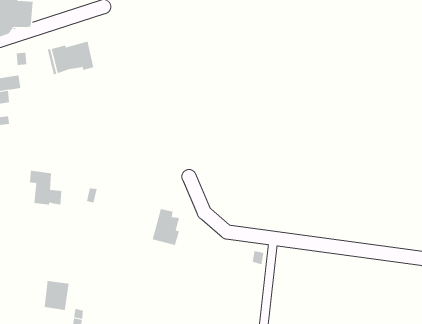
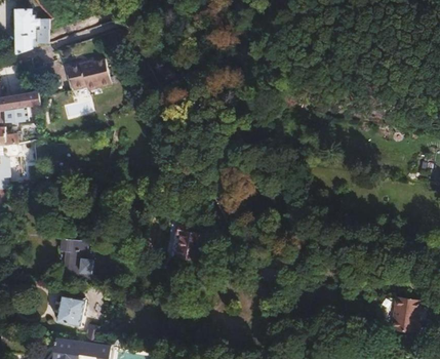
building: [29,170,62,205] -> [56,239,89,274]
building: none -> [390,297,422,335]

